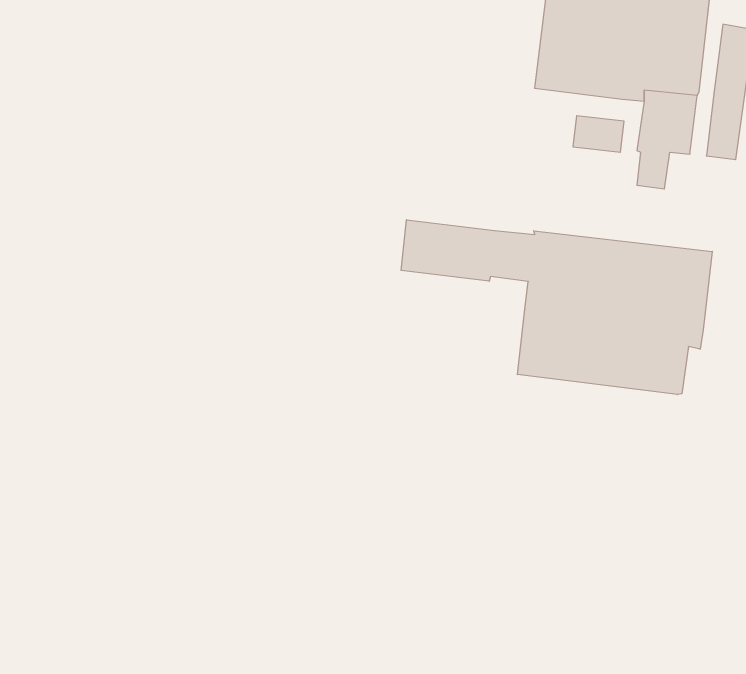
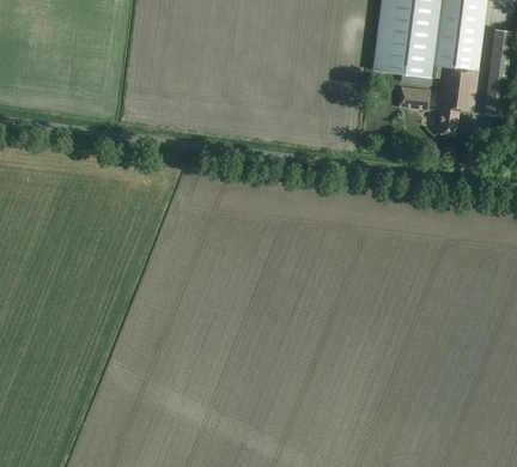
building: [401,220,712,395] -> none

